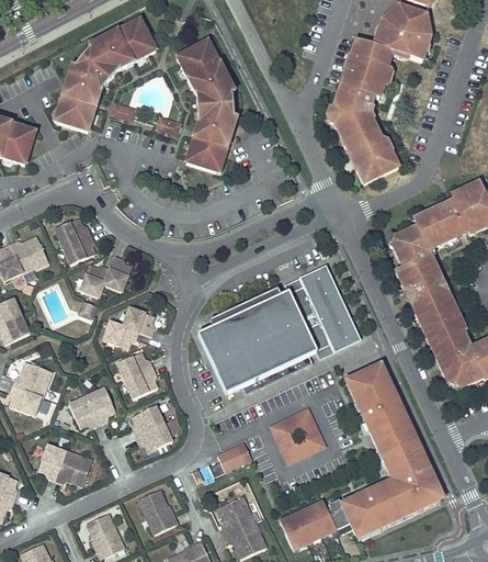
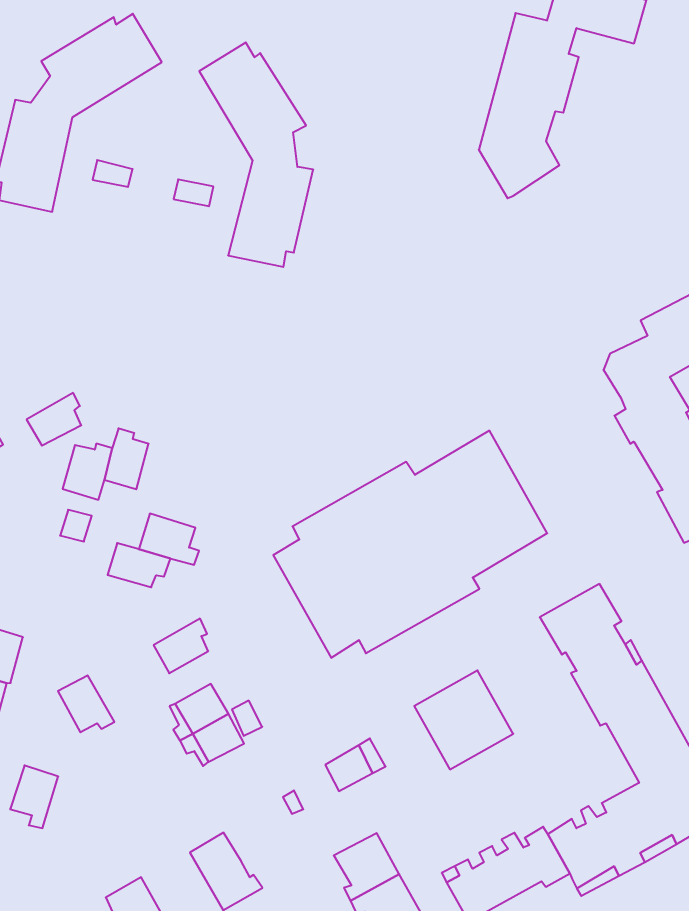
building: [344,125,399,182] -> none
building: [55,216,91,247] -> none
building: [117,350,154,380] -> none
building: [88,385,116,422] -> none
building: [56,447,93,483] -> none

